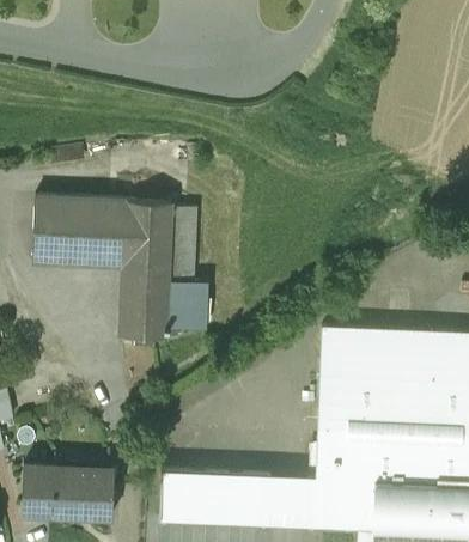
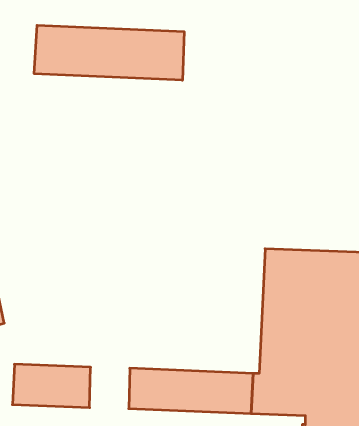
building: none -> [34,25,184,80]
building: [34,197,202,337] -> none

